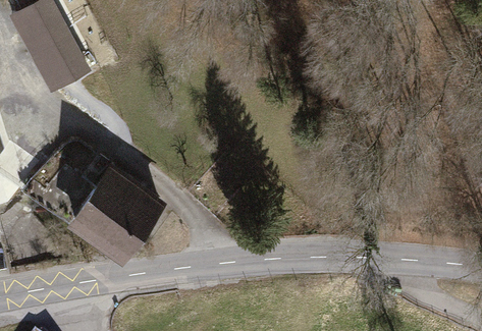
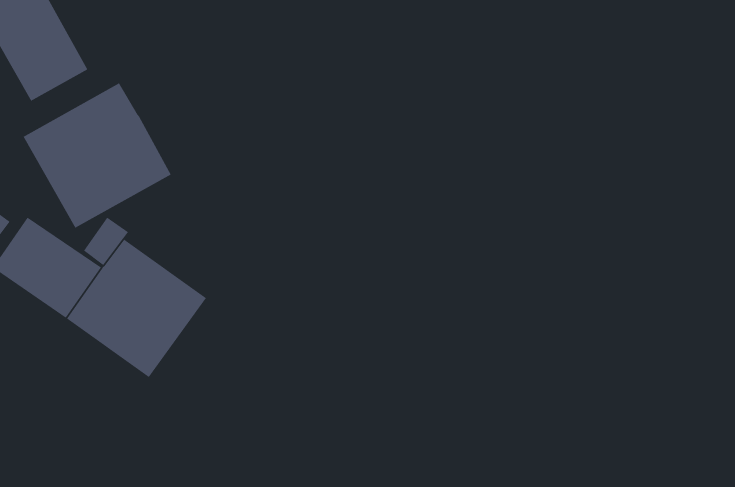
building: none -> [23,83,171,229]

